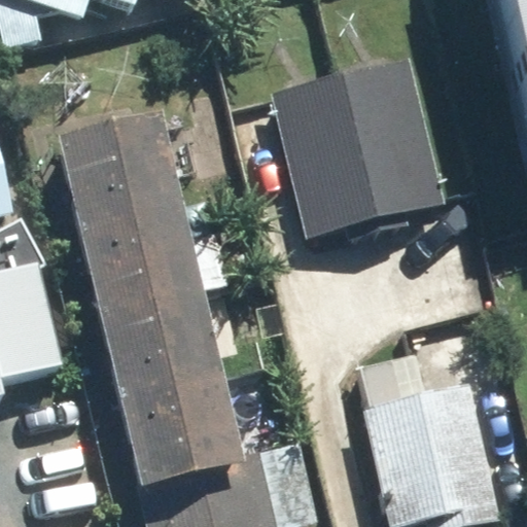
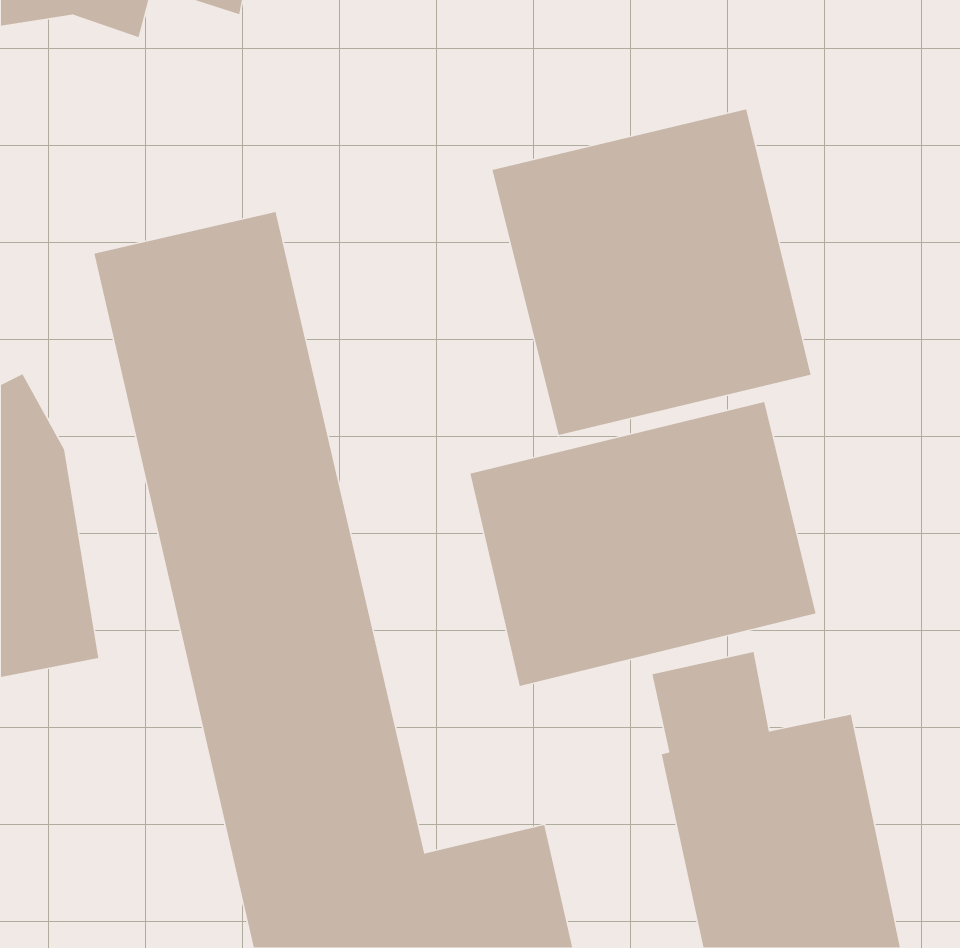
building: none -> [469,401,817,687]

